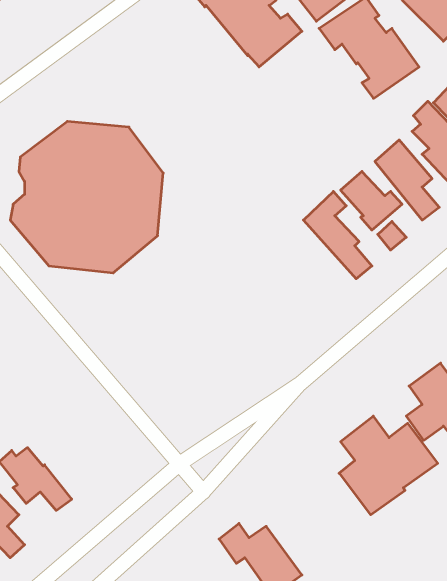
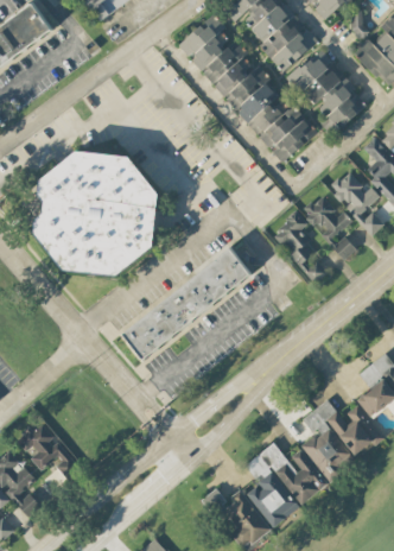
building: none -> [236,81,317,162]
building: none -> [120,248,250,360]
building: none -> [244,441,329,525]

